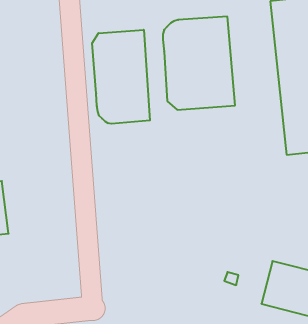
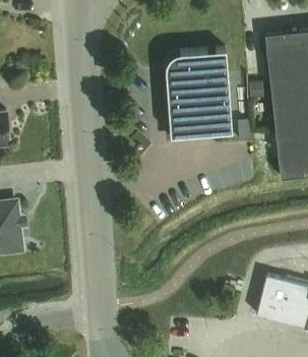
building: [92,30,150,124] -> none

